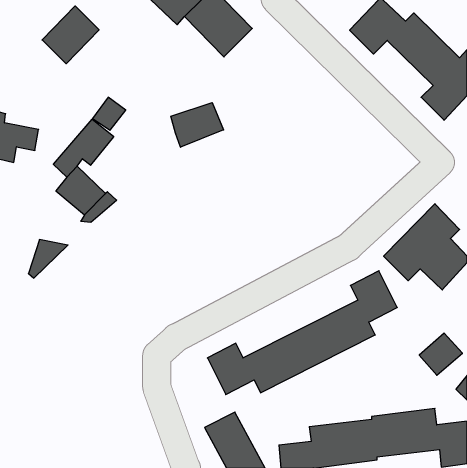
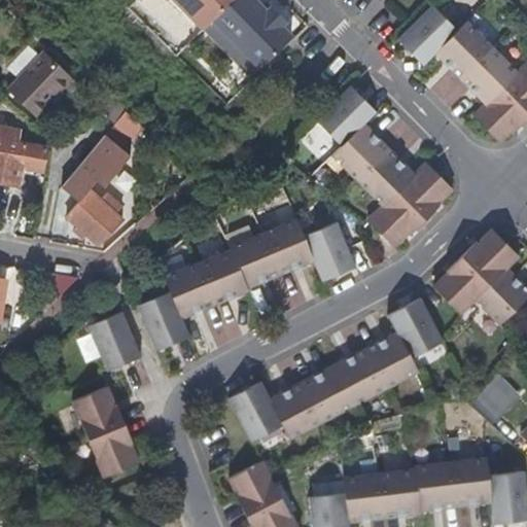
building: [42,6,99,64] -> [5,50,69,115]
building: none -> [316,89,452,248]
building: [171,103,224,147] -> none
building: none -> [137,216,356,349]
building: none -> [92,307,143,365]
building: none -> [72,381,137,470]

